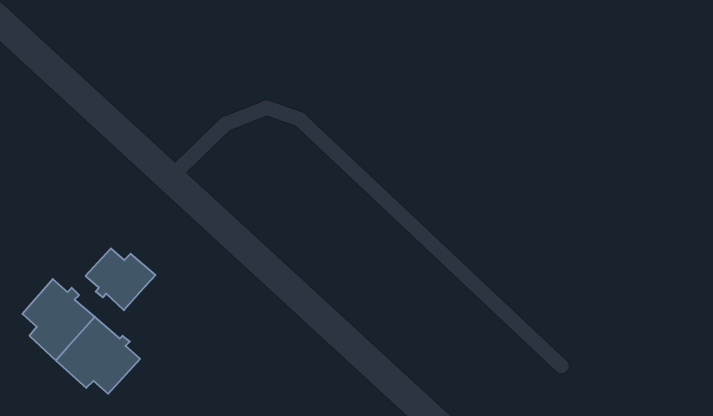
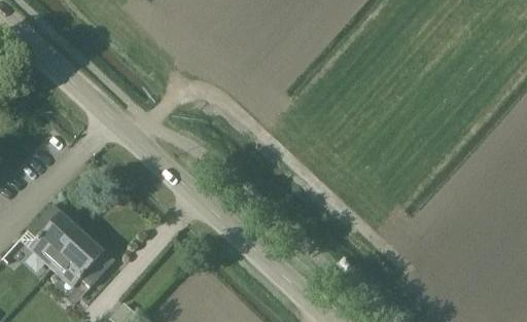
building: [86,248,155,310] -> none

